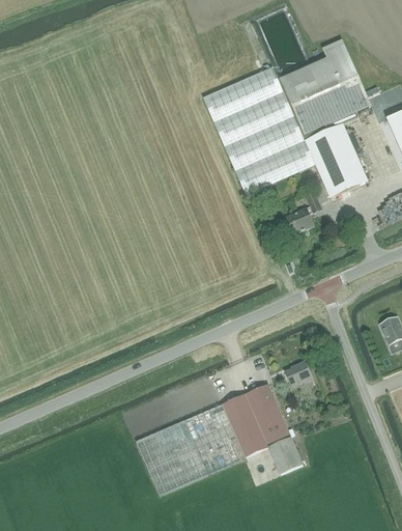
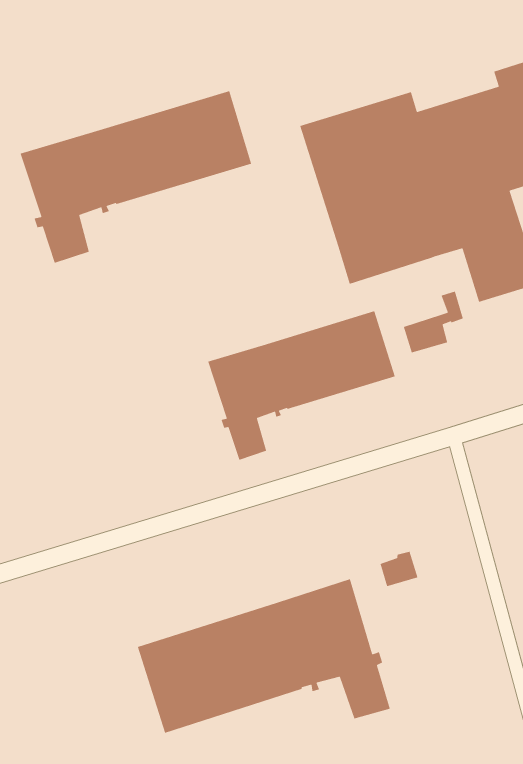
building: none -> [20,90,252,264]
building: none -> [207,310,396,461]

